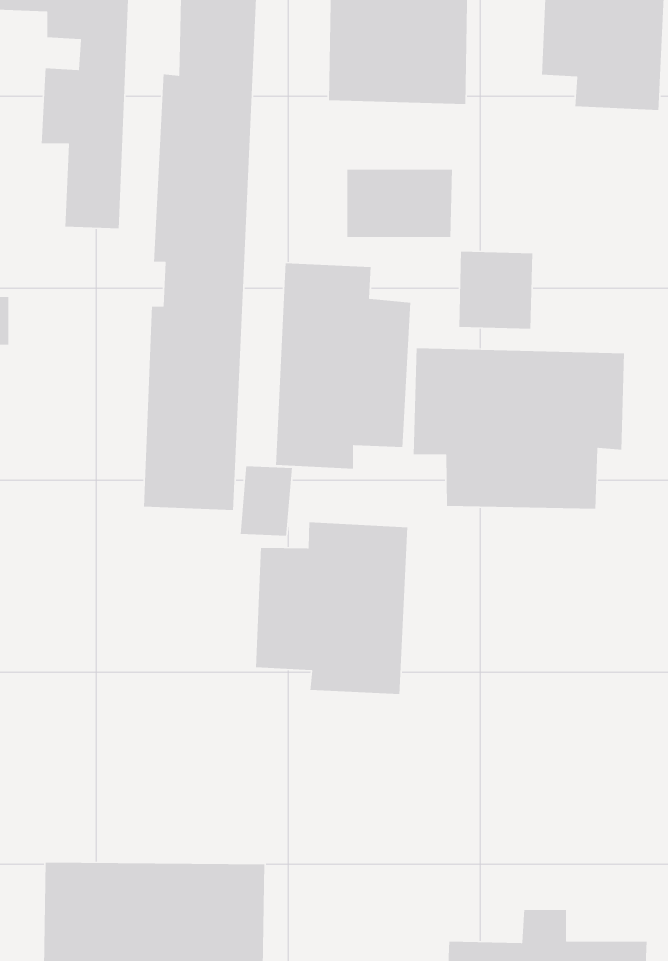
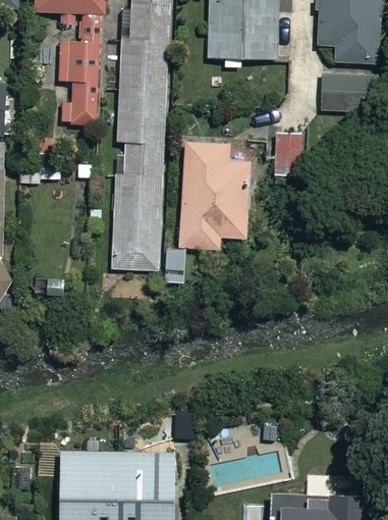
building: [347,169,453,238] -> [321,76,376,112]
building: [413,348,625,509] -> none
building: [255,522,408,695] -> none

